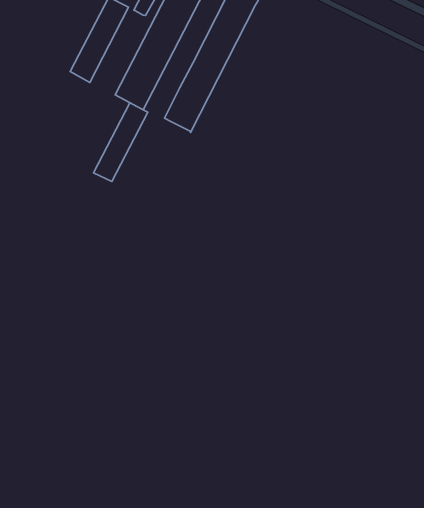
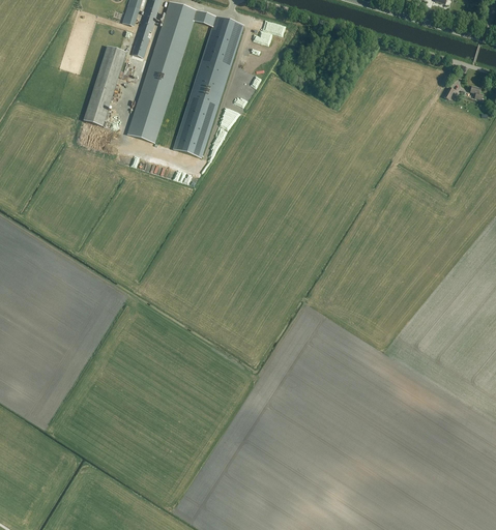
building: [93,103,148,181] -> none

